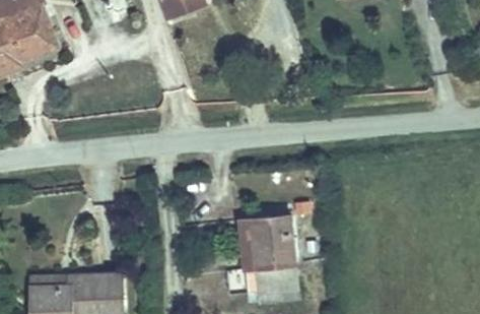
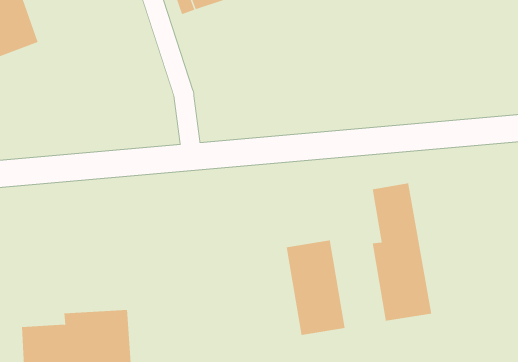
building: none -> [372,183,432,321]

